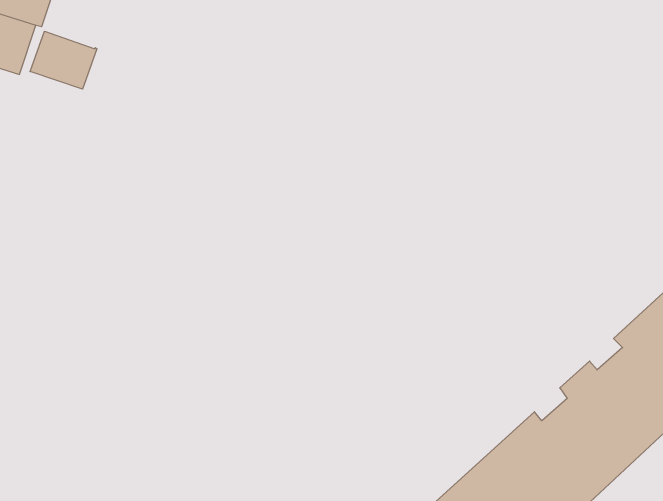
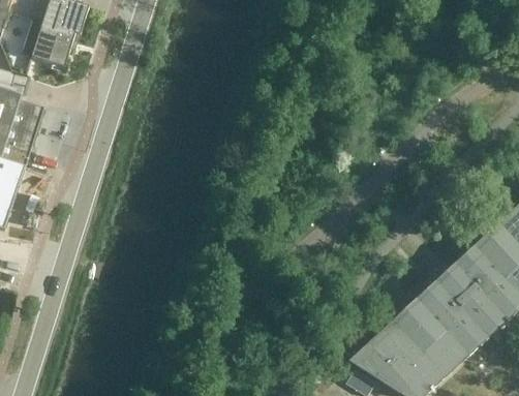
building: [30,31,97,89] -> none

